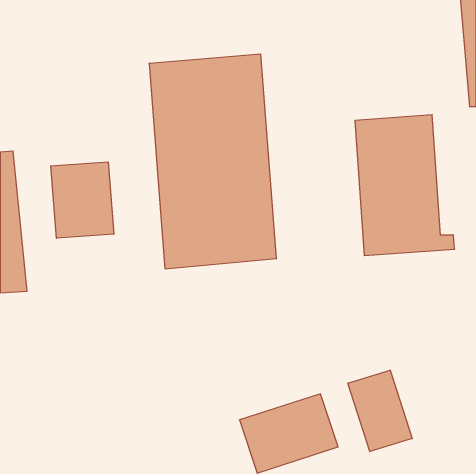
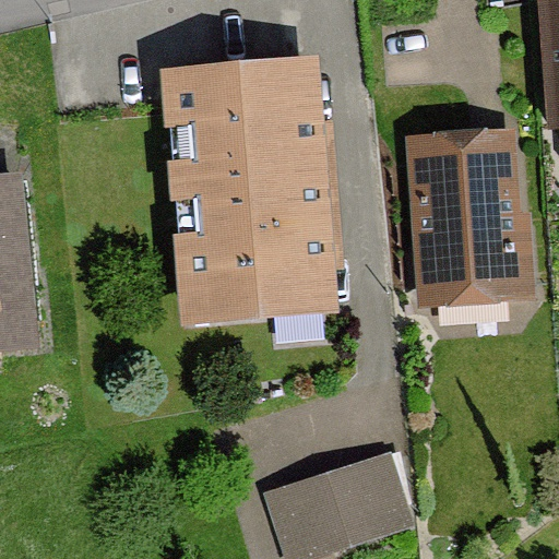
building: [51,162,114,238] -> none
building: [348,370,412,452] -> none

